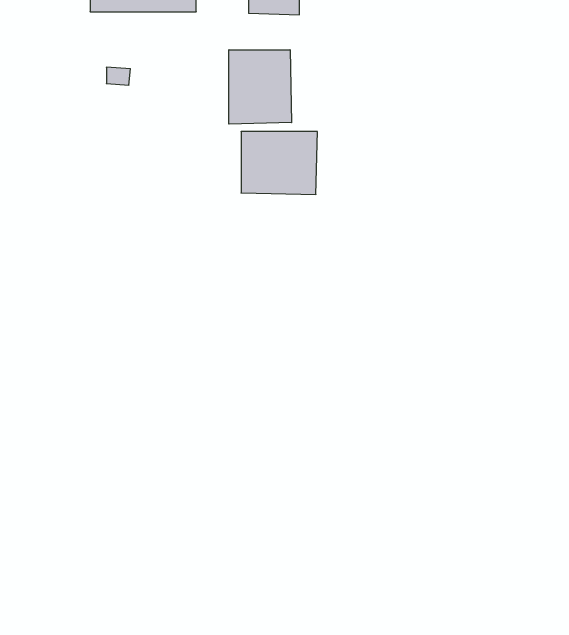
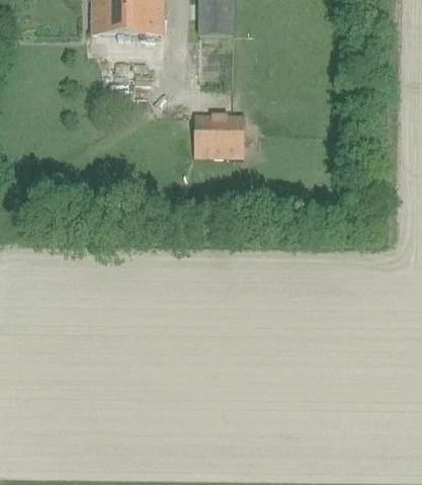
building: [229,50,292,124] -> none

